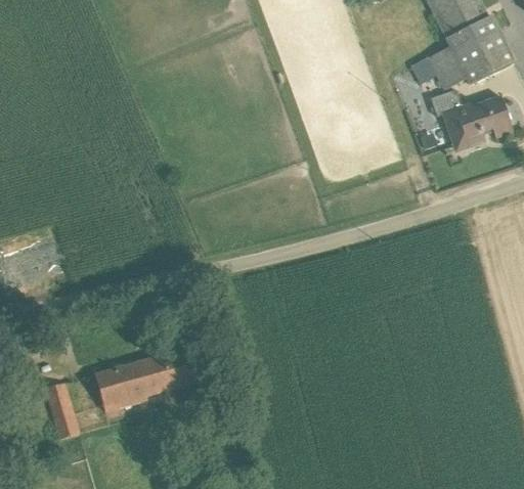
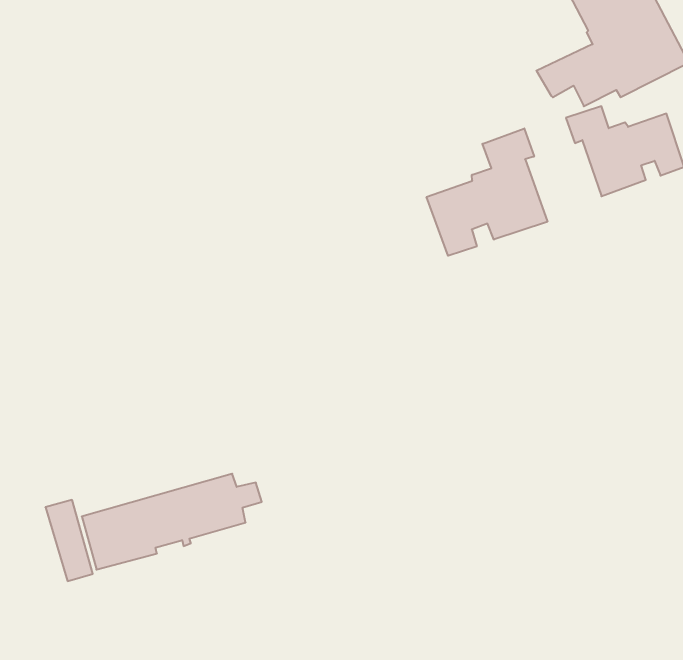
building: none -> [427,128,547,256]
building: [45,383,78,439] -> [45,500,93,581]

